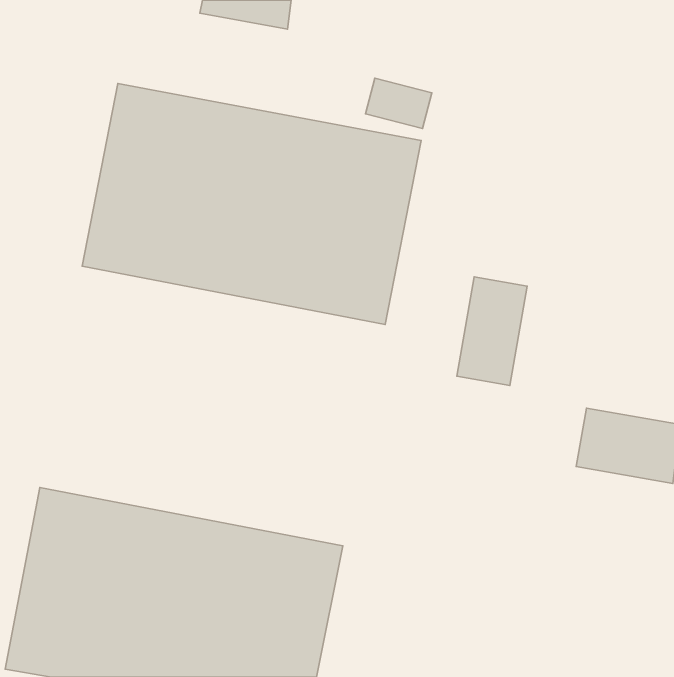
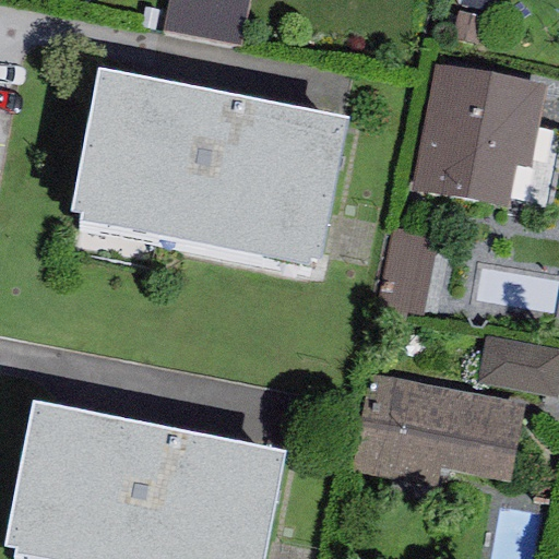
building: none -> [412,64,546,211]
building: none -> [352,373,525,487]

